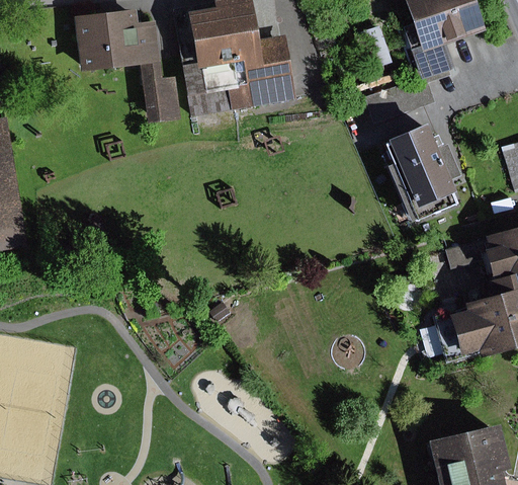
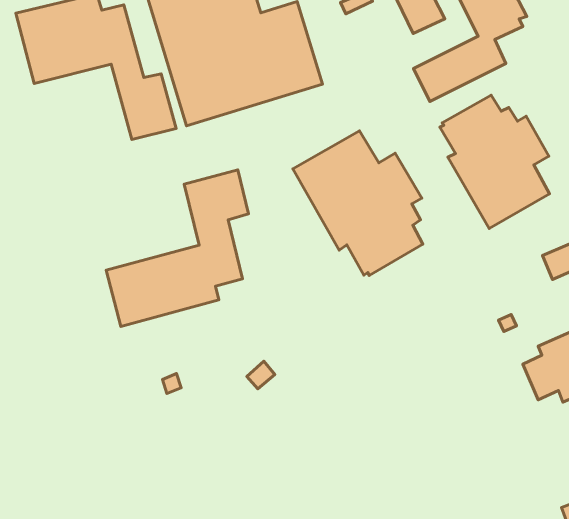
building: none -> [293,131,423,275]
building: none -> [106,170,249,327]

